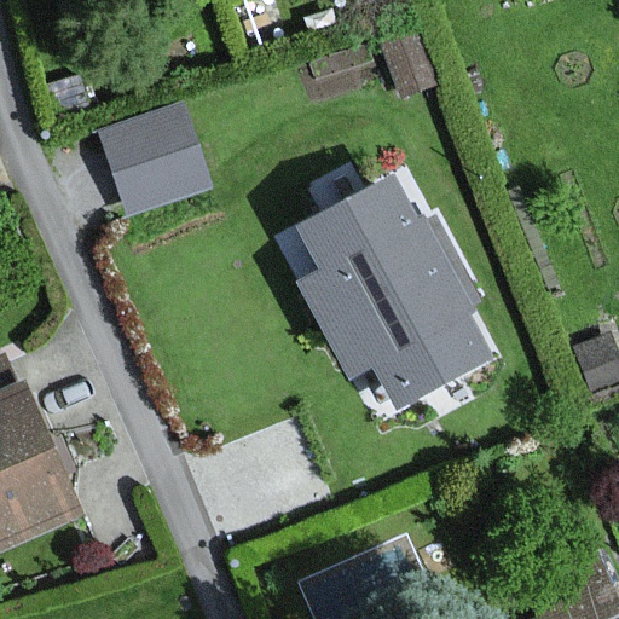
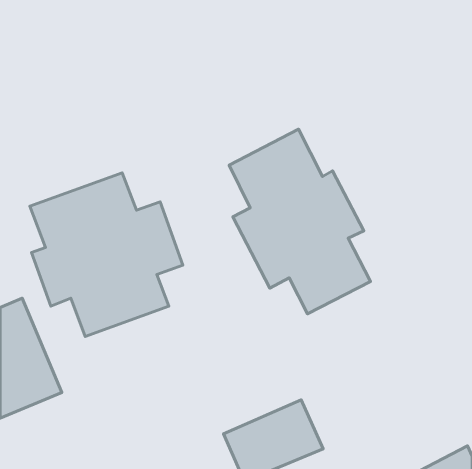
building: [105,110,209,210] -> none
building: none -> [30,173,183,336]

